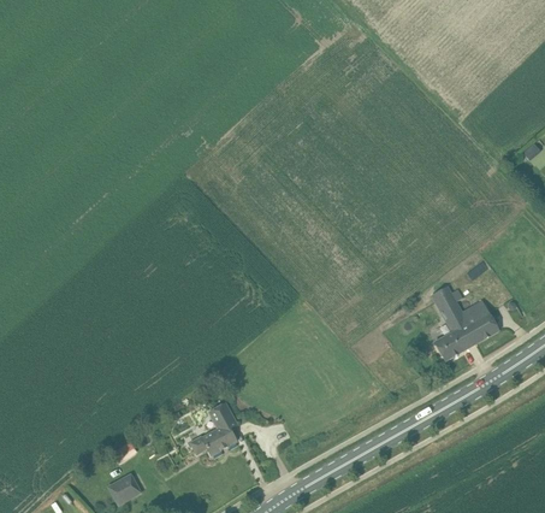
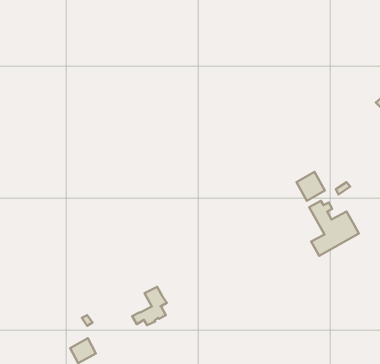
building: none -> [297,172,325,201]

